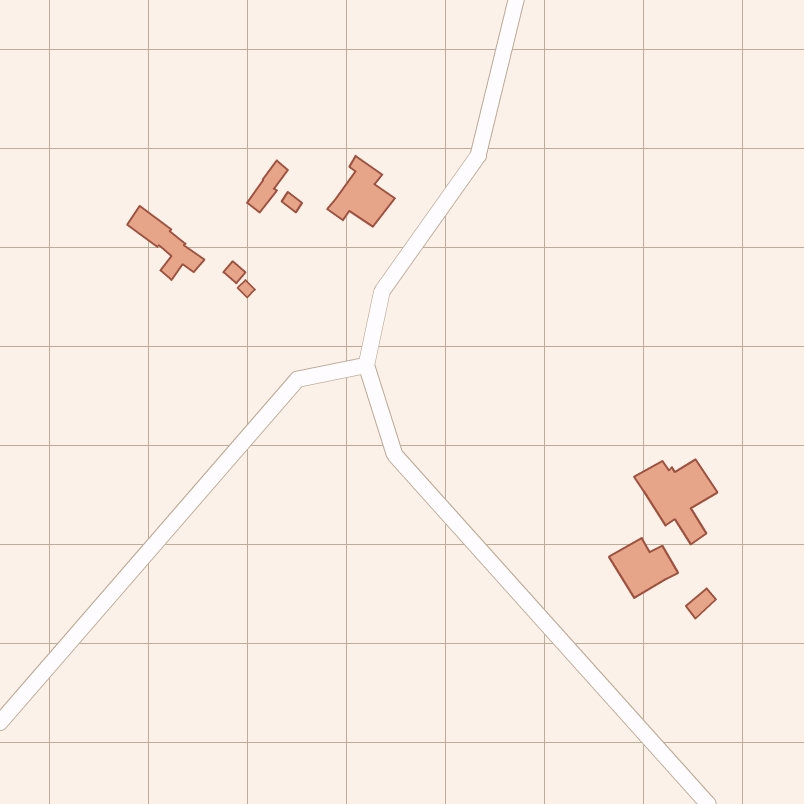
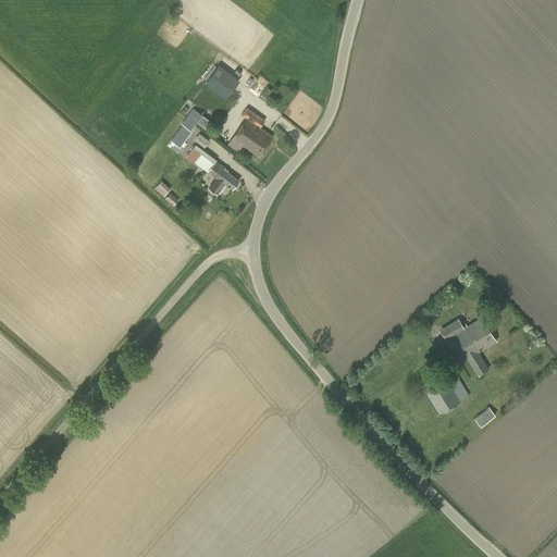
building: none -> [205,65,239,100]
building: [127,206,204,280] -> [186,144,239,195]

